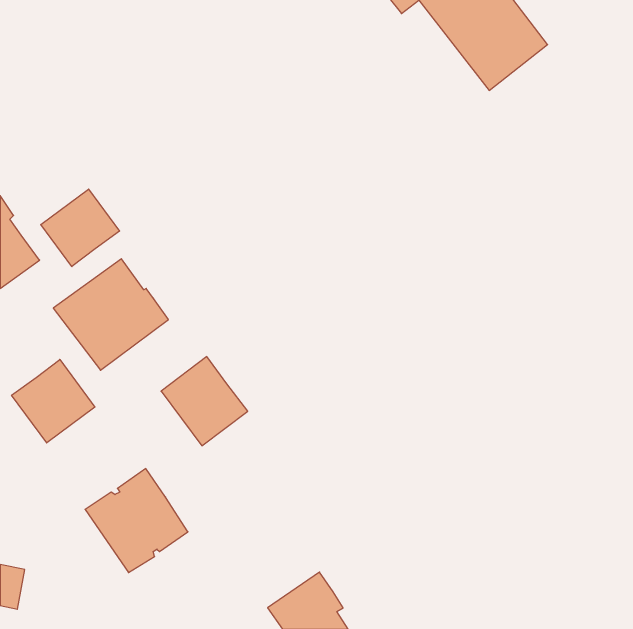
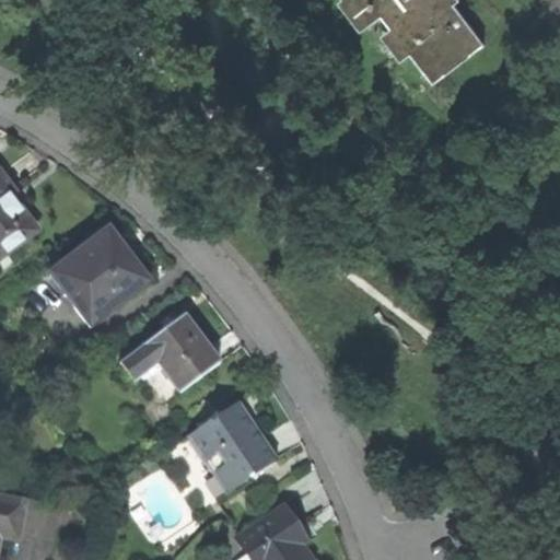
building: [41,189,120,267] -> none
building: [12,359,95,443] -> none
building: [85,469,188,573] -> [186,401,277,493]

